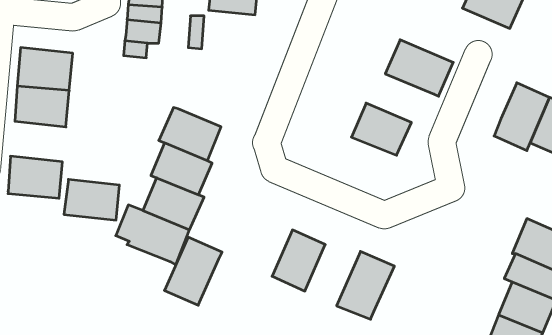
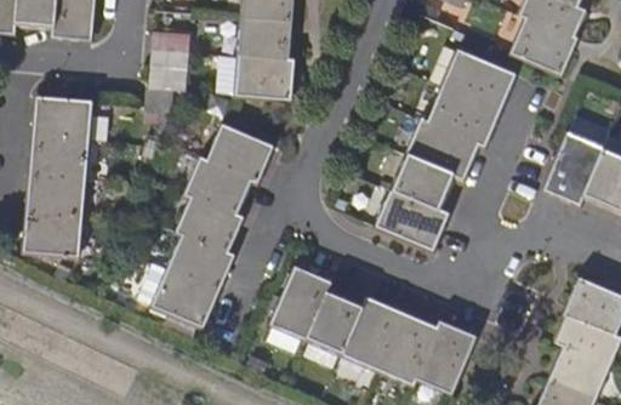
building: none -> [443,51,514,110]
building: none -> [234,55,294,99]
building: none -> [406,120,479,178]
building: none -> [205,124,272,182]
building: none -> [376,190,448,250]
building: [64,179,119,220] -> [25,173,85,217]
building: [164,237,222,305] -> [269,267,331,340]
building: none -> [341,298,400,371]
building: none -> [415,320,475,394]

